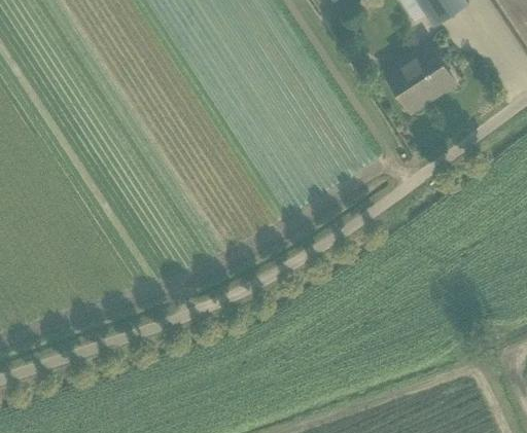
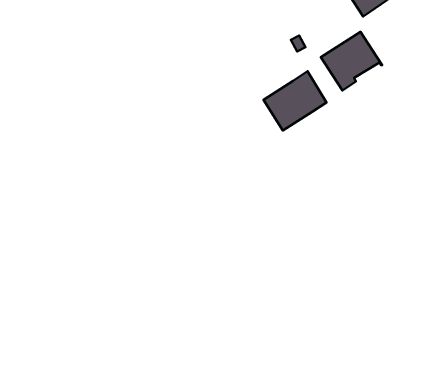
building: none -> [264,71,327,130]

